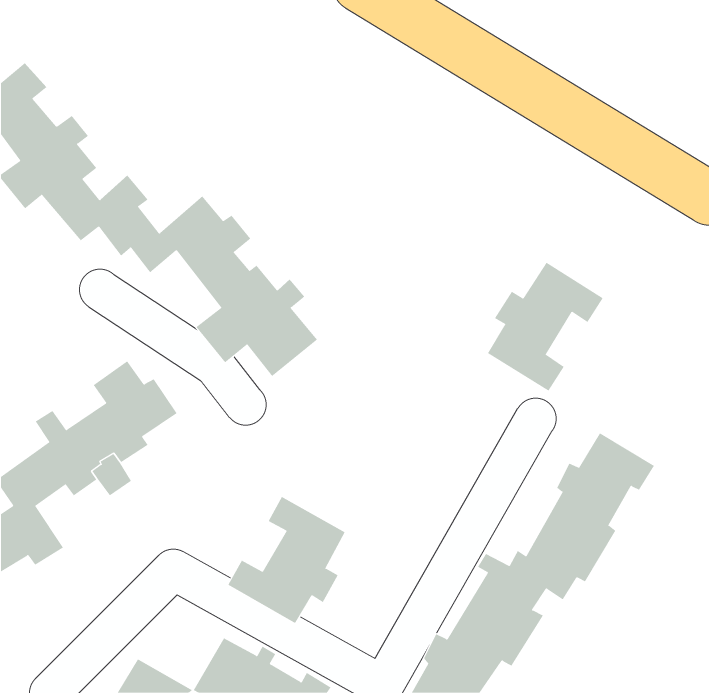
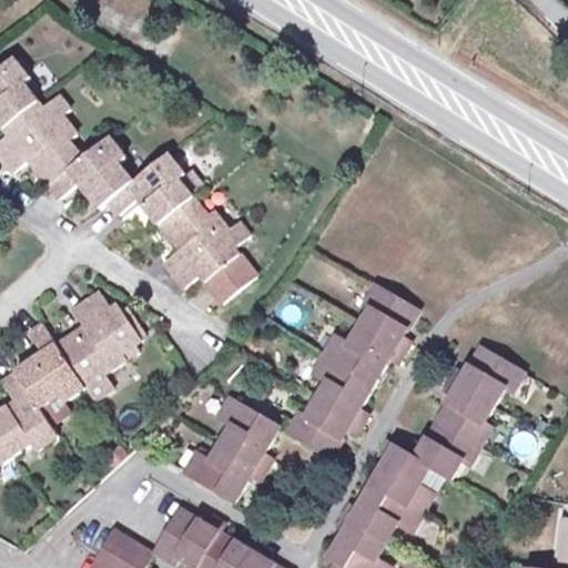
building: [487,262,604,392] -> none
building: none -> [287,284,417,458]

